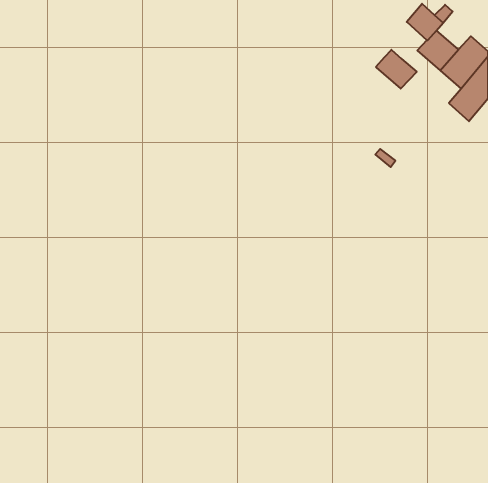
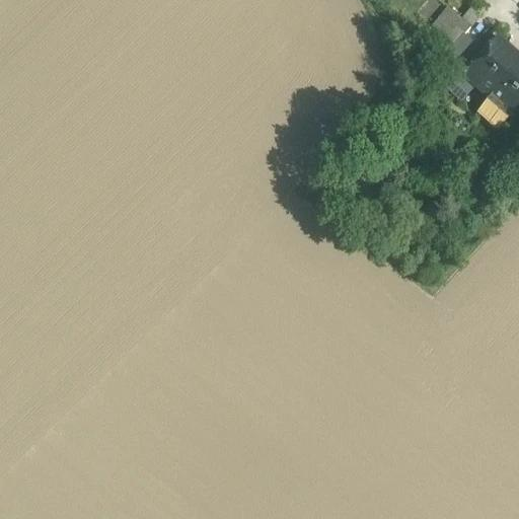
building: [376,50,417,89] -> none

